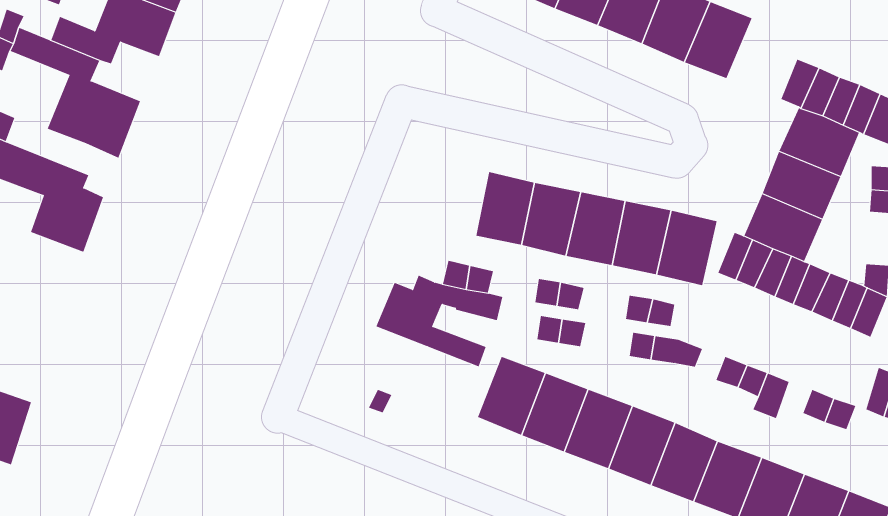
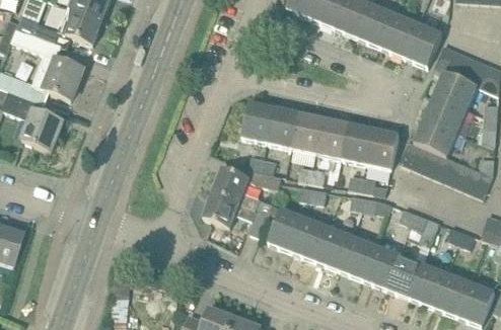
building: none -> [405,23,442,67]
building: none -> [241,102,274,143]
building: none -> [203,192,269,237]

